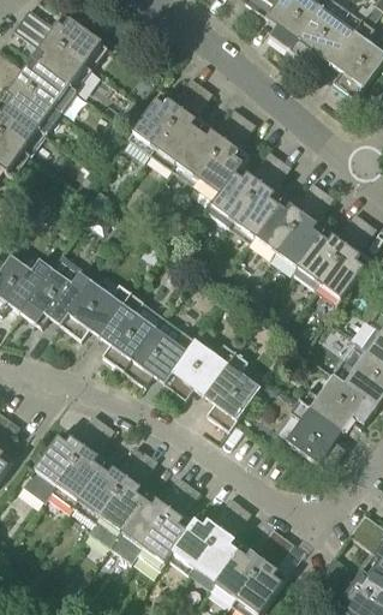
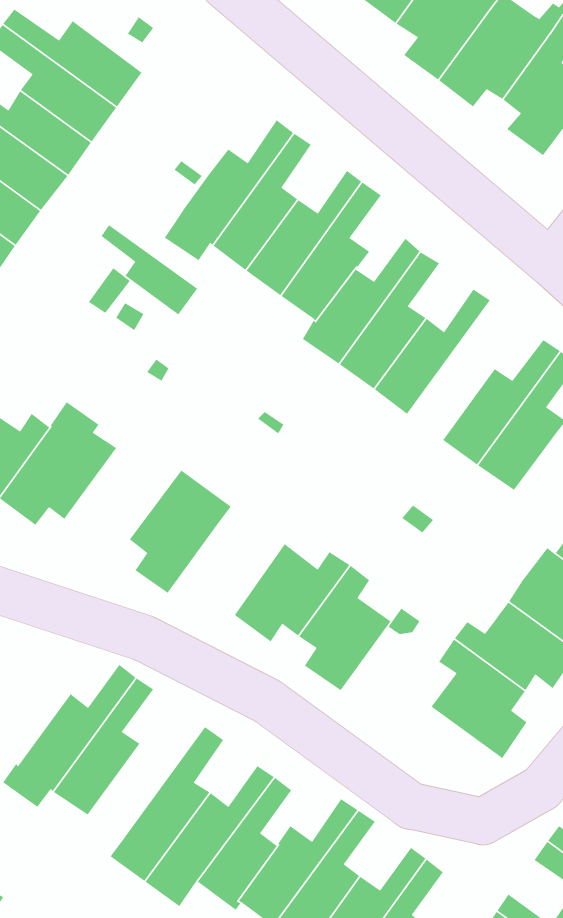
building: none -> [100,224,198,315]
building: [270,189,333,275] -> none
building: [59,280,131,340] -> none
building: [122,316,195,387] -> none
building: [73,444,145,523] -> none

